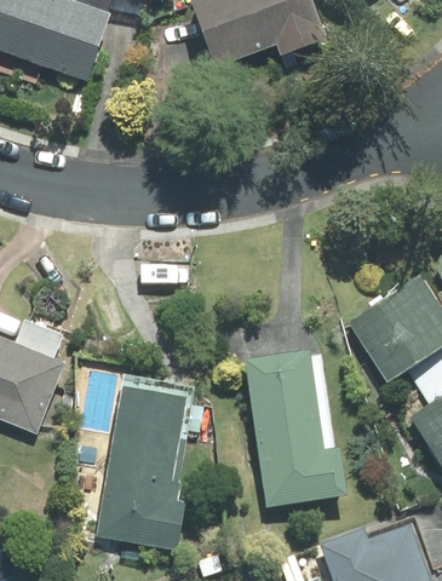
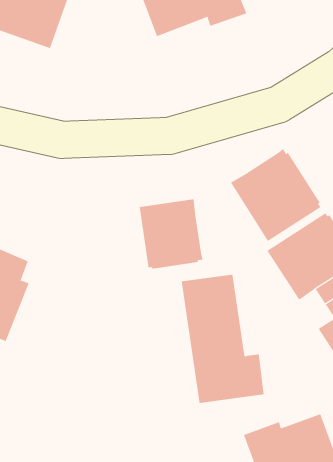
building: none -> [230,148,321,242]
building: none -> [139,199,203,270]
building: [94,379,194,551] -> none

